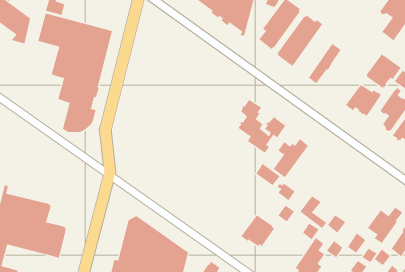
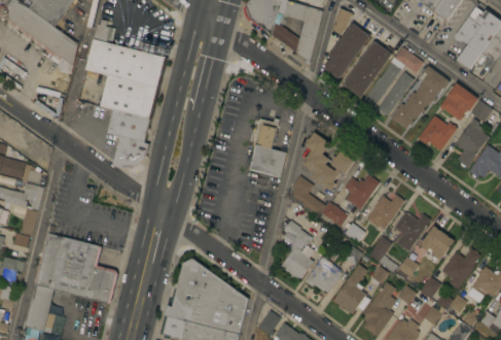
building: none -> [364,46,423,106]
building: none -> [391,65,451,129]
building: none -> [249,117,287,177]
building: none -> [289,175,325,215]
building: none -> [366,194,404,230]
building: none -> [394,211,431,250]
building: none -> [281,219,314,279]
building: none -> [420,226,455,260]
building: none -> [333,264,367,314]

